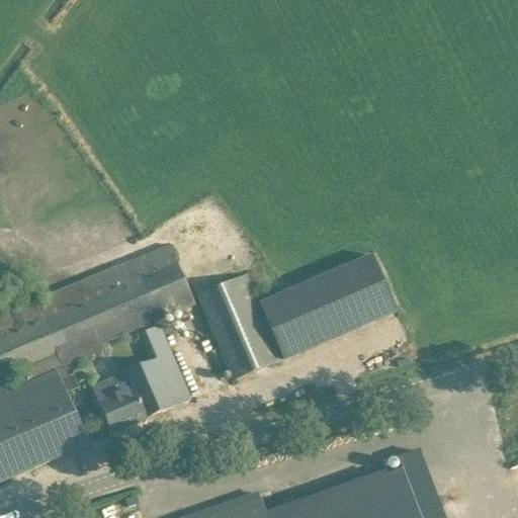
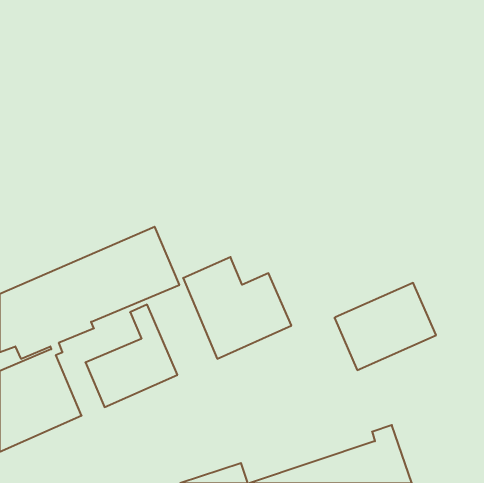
building: [286,254,395,347] -> [334,283,436,370]

